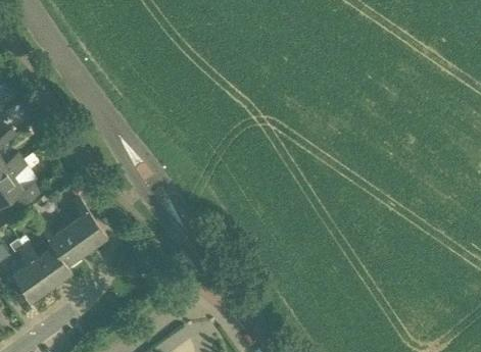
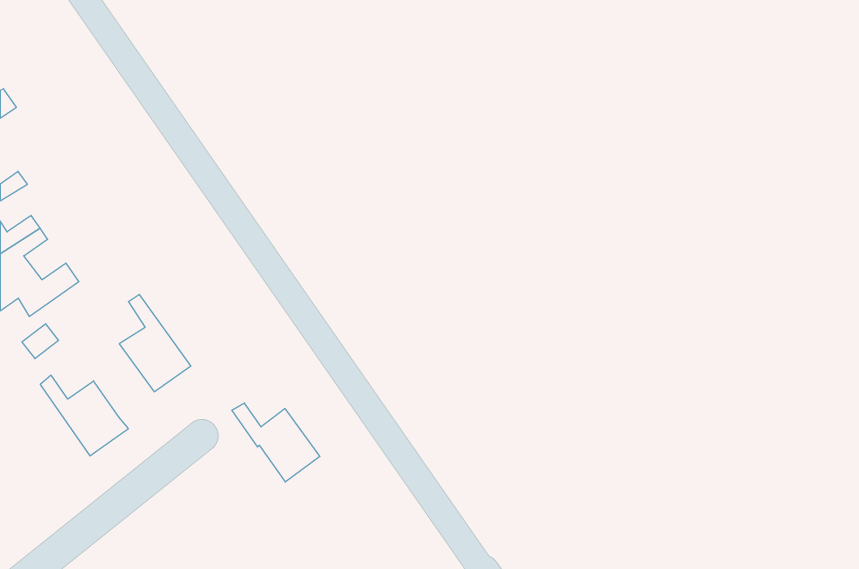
building: [37,223,86,267] -> [232,403,320,482]
building: [11,249,50,303] -> none

